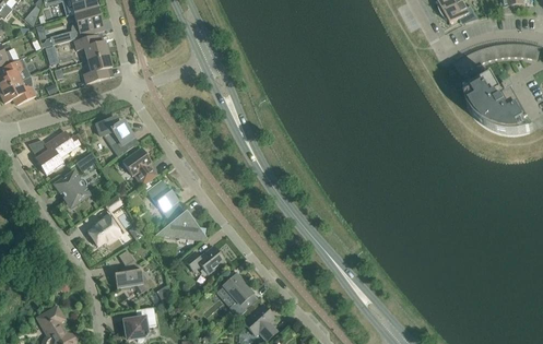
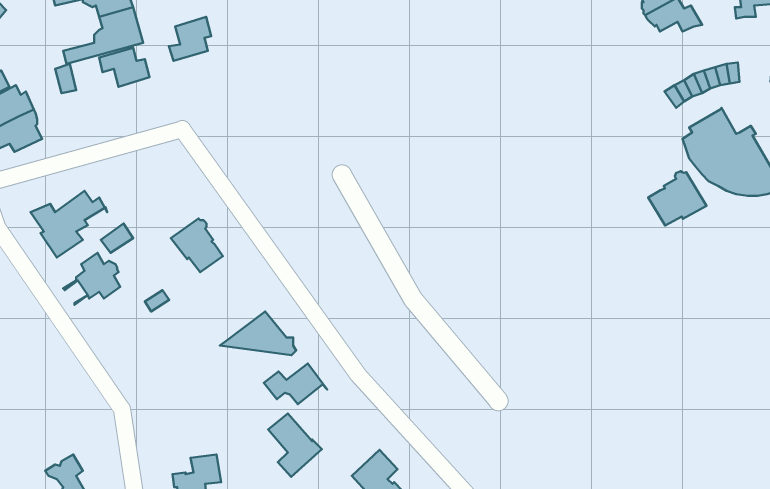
building: [82,54,110,83] -> [169,17,211,61]
building: none -> [648,171,707,225]
building: [95,118,133,156] -> none
building: [145,180,180,217] -> none
building: [86,214,120,246] -> none
building: [114,259,150,293] -> none
building: [222,274,258,317] -> [268,413,322,477]

